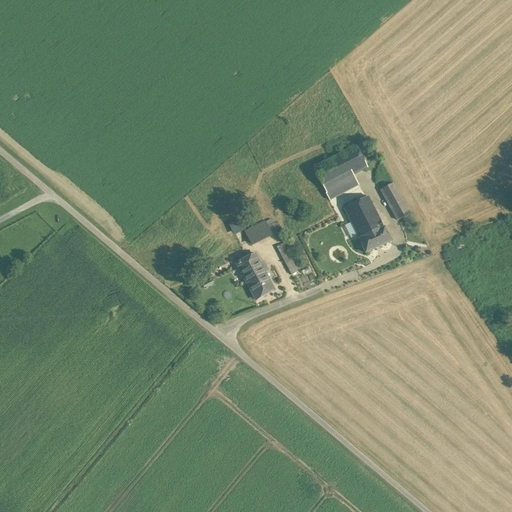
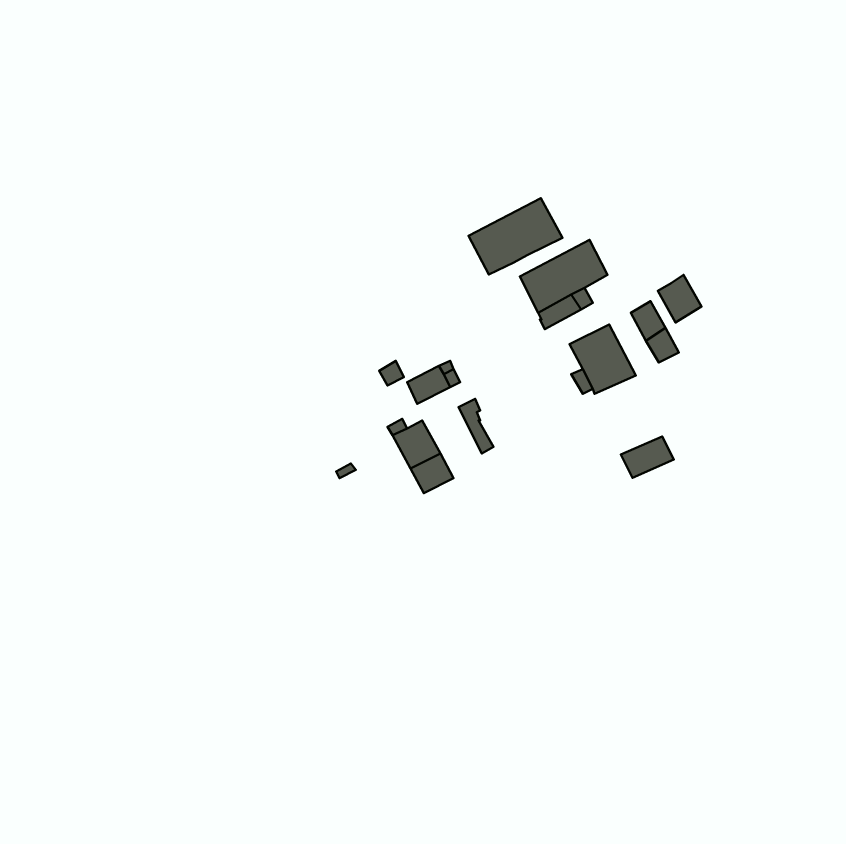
building: none -> [469,198,562,275]
building: none -> [658,275,701,322]
building: [359,227,391,252] -> [621,436,674,478]

